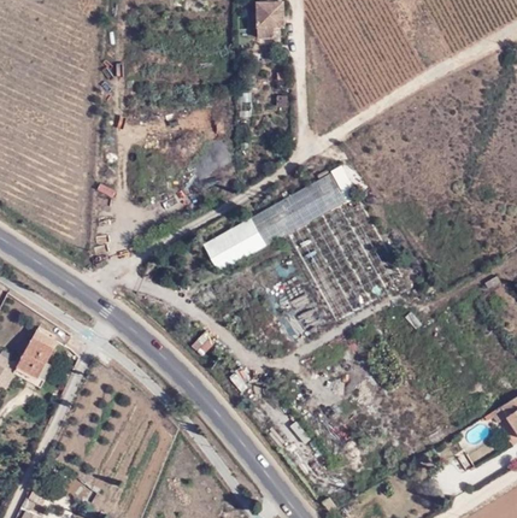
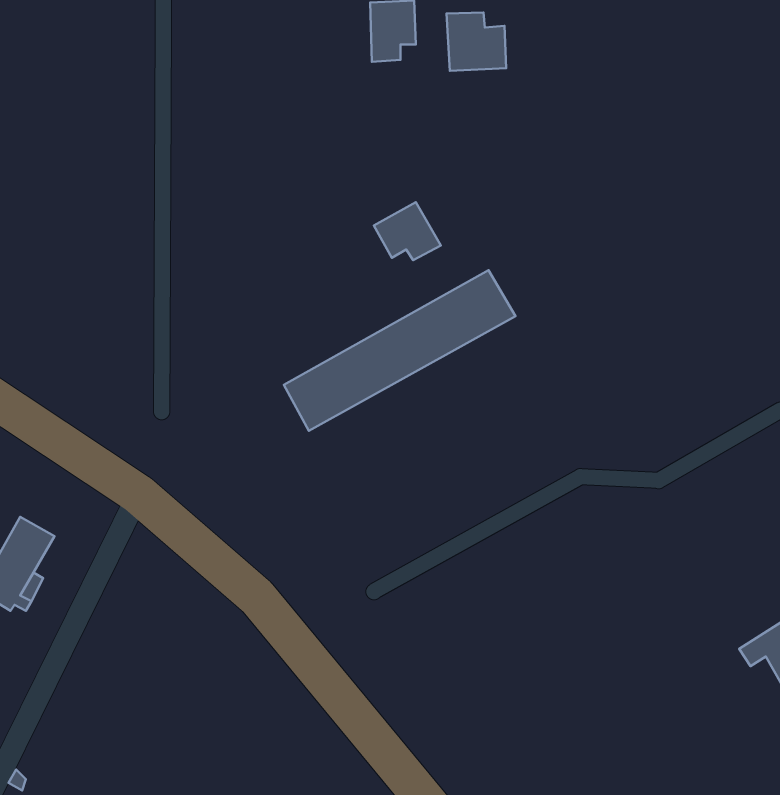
building: none -> [446,13,506,71]
building: none -> [374,202,441,260]

